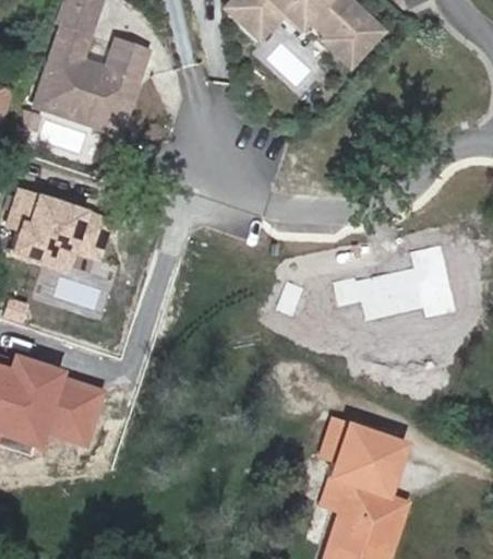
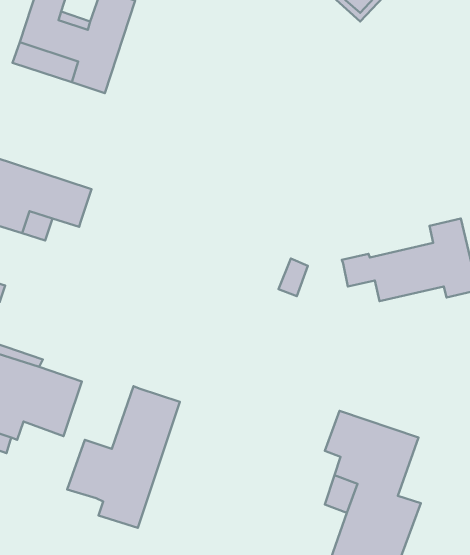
building: none -> [67,386,180,528]

